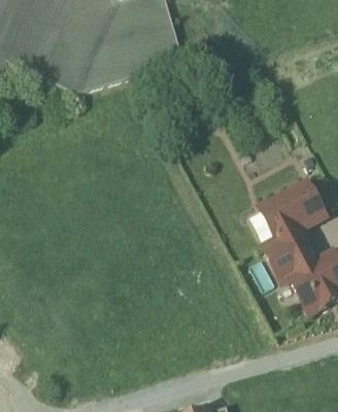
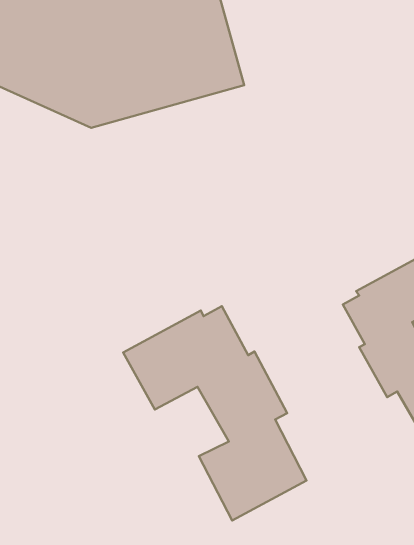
building: none -> [123,306,307,521]

